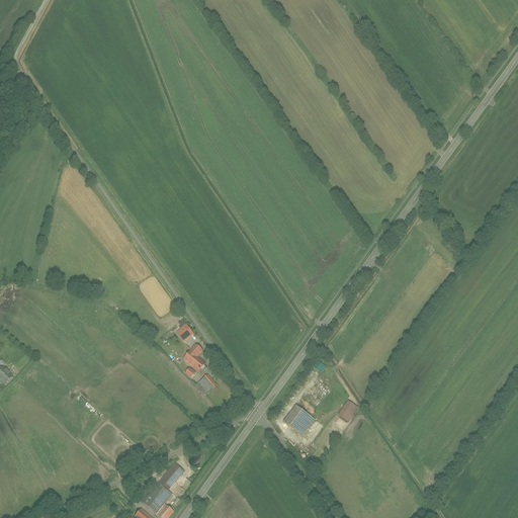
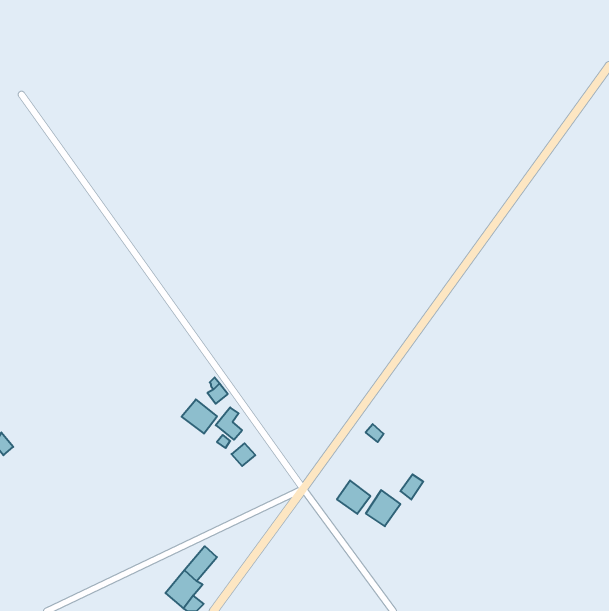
building: none -> [182,399,217,434]
building: none -> [366,490,400,526]

